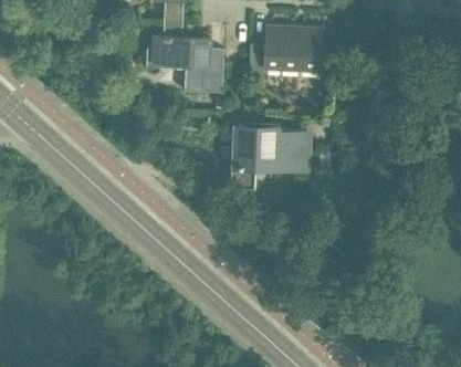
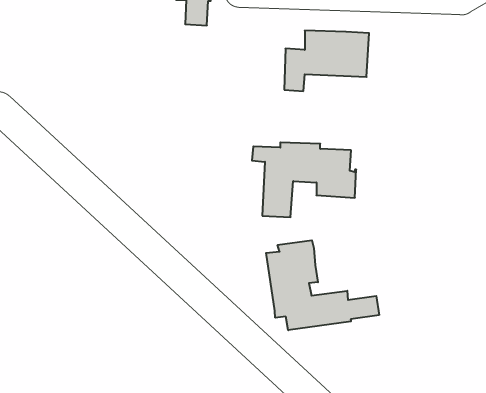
building: [146,23,224,93] -> none
building: none -> [266,240,379,330]

